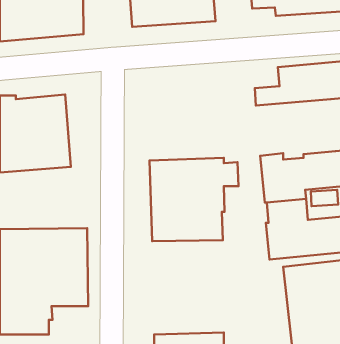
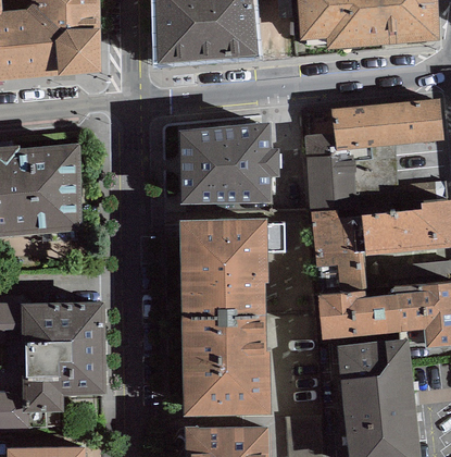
building: none -> [178,122,278,205]
building: none -> [304,148,399,220]
building: none -> [181,316,270,416]

